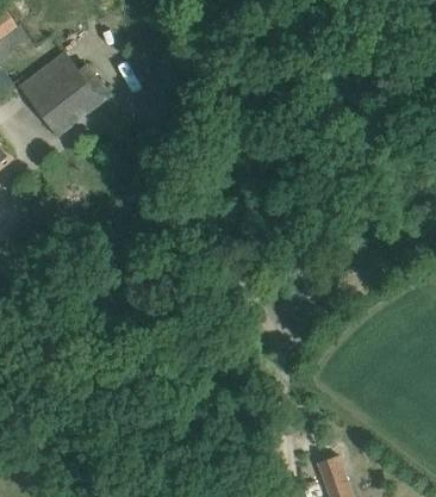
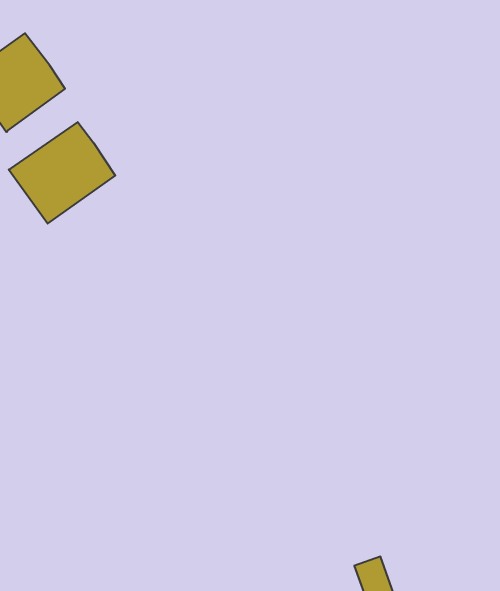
building: none -> [9,122,115,224]

